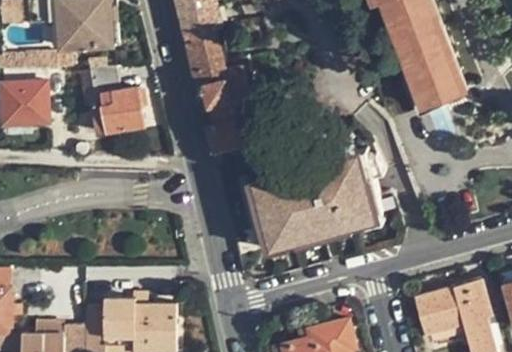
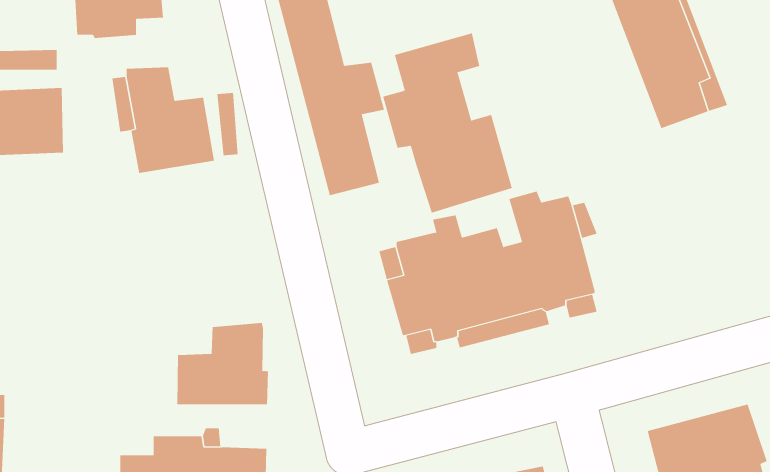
building: none -> [382,32,513,213]
building: none -> [177,322,269,405]

